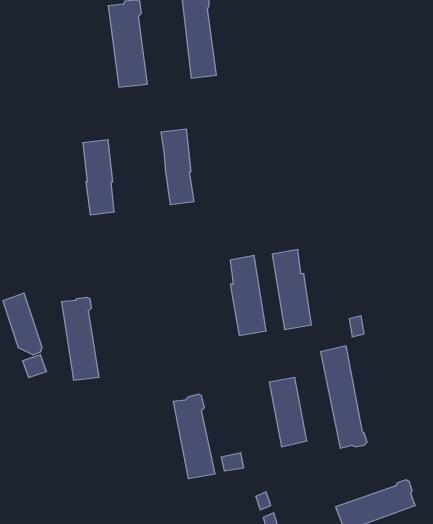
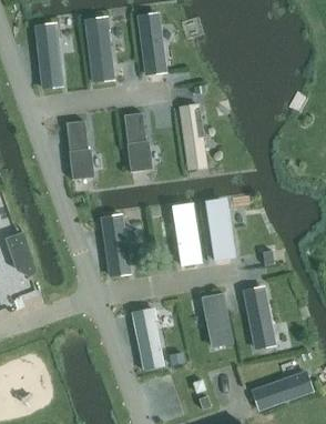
building: none -> [37,23,61,88]
building: none -> [180,104,205,160]
building: [61,297,99,380] -> [102,214,130,275]

